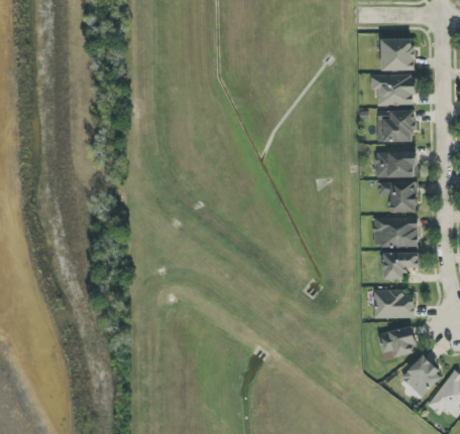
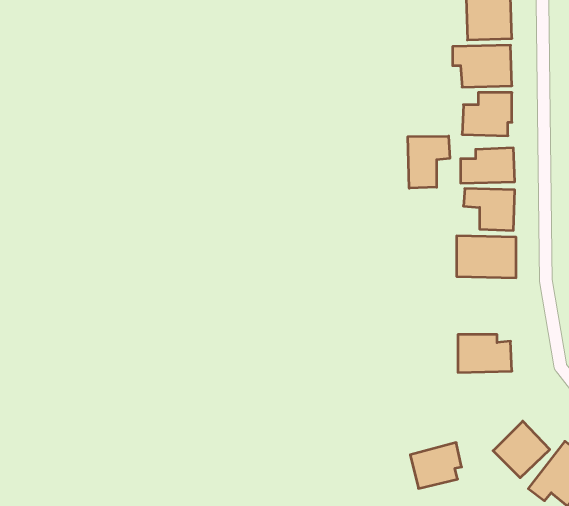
building: none -> [408,136,450,188]
building: [383,252,420,279] -> none
building: [378,325,417,359] -> [410,443,462,488]

